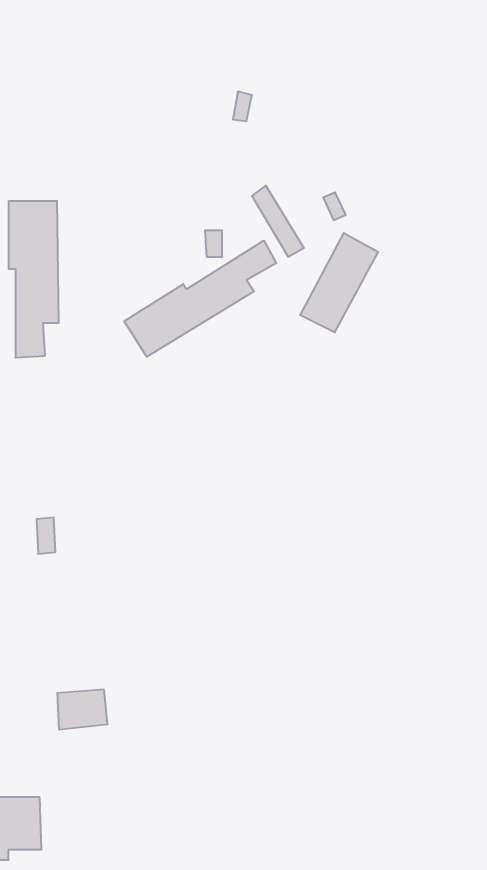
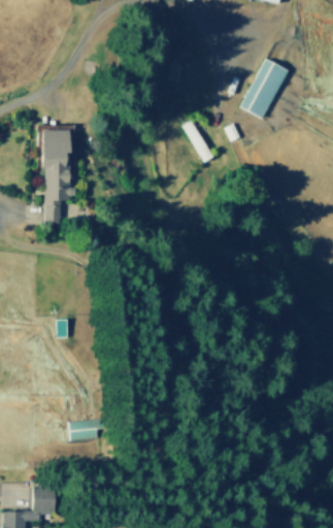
building: [300,233,378,332] -> [241,60,288,119]
building: [124,241,276,357] -> none

